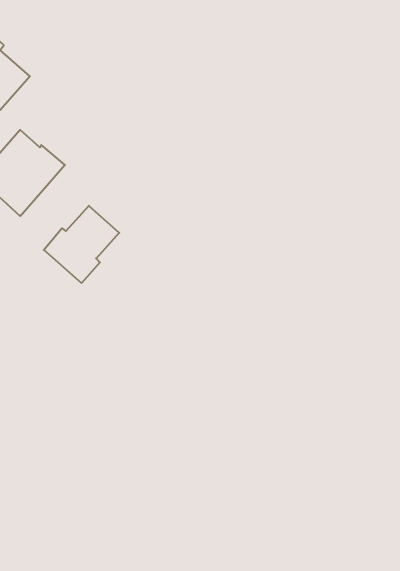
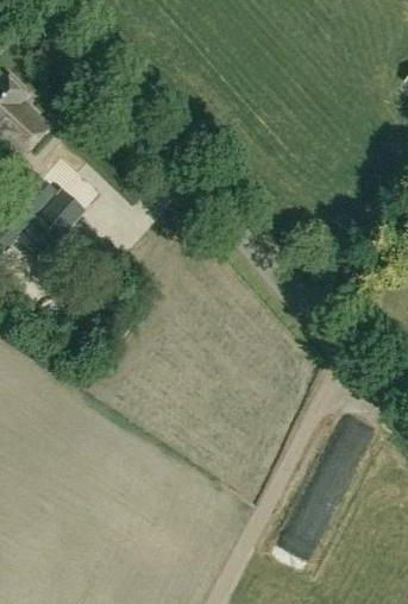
building: [44,206,119,283] -> none

